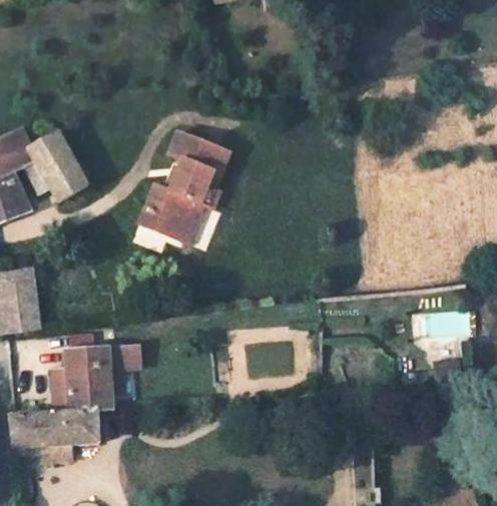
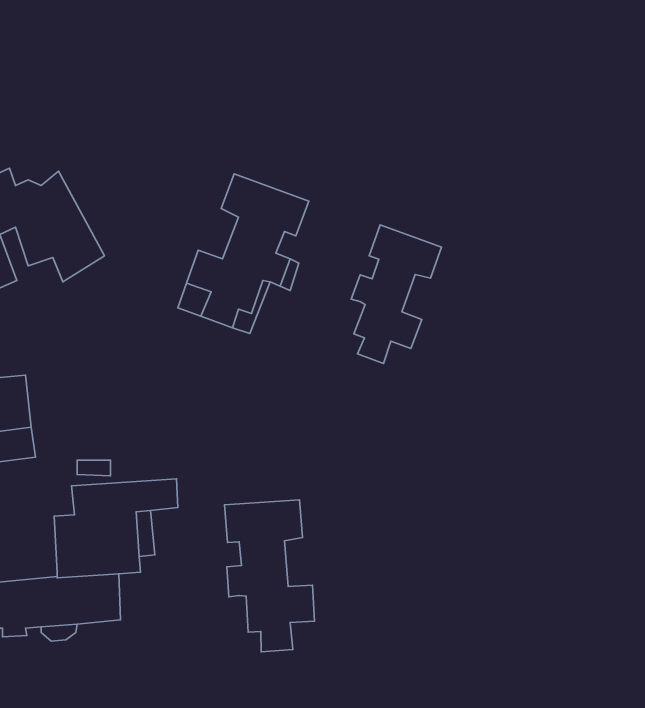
building: none -> [351,225,442,363]
building: none -> [225,500,314,652]

